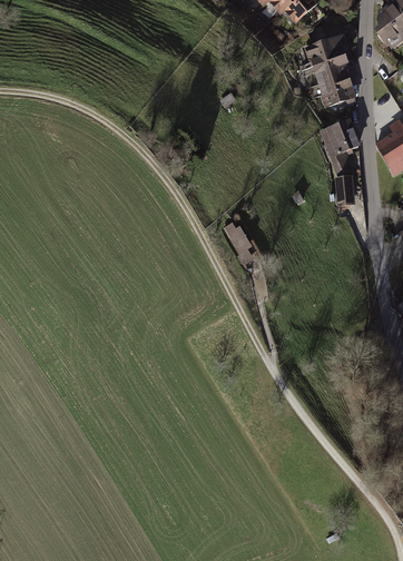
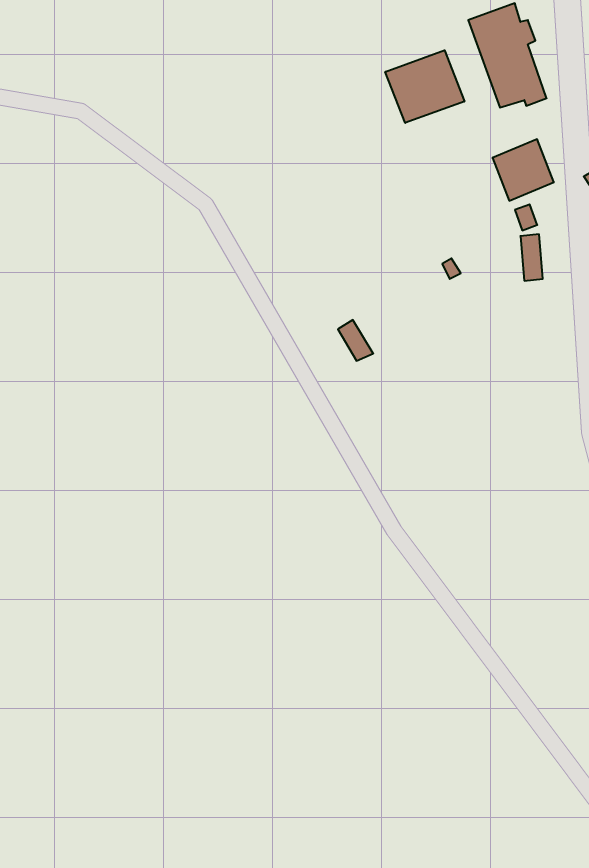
building: none -> [385,50,464,123]

